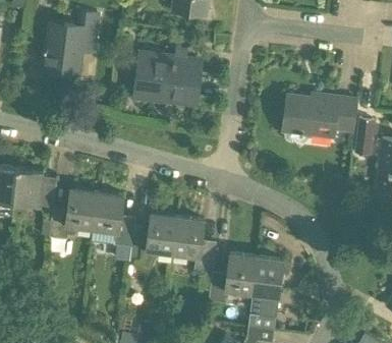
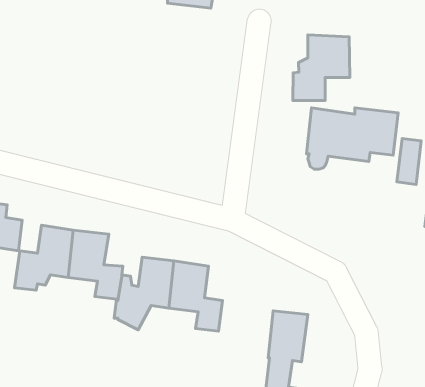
building: [45,13,99,75] -> none
building: none -> [293,35,350,100]
building: [137,52,201,104] -> none
building: [209,253,257,304] -> none

